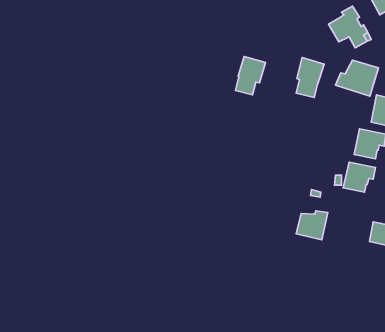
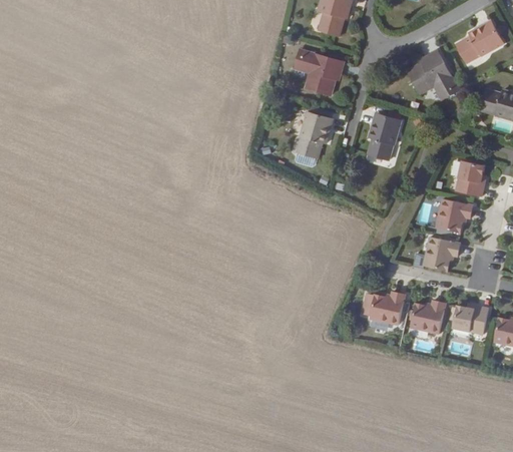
building: none -> [293,52,342,93]
building: [336,60,379,96] -> none
building: none -> [410,301,447,335]

